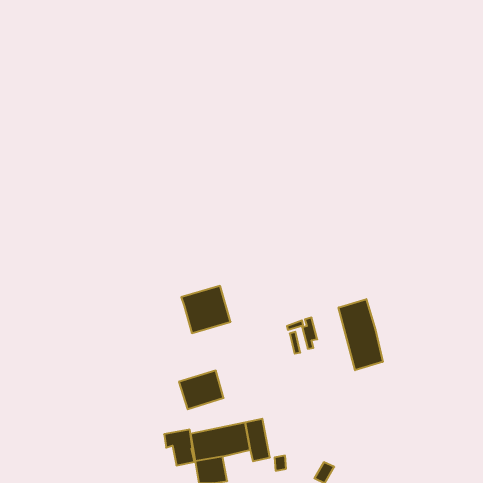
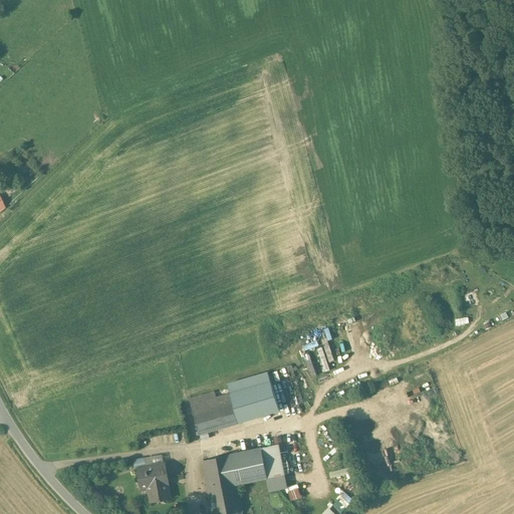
building: [181,286,231,333] -> [226,372,278,423]
building: [339,299,383,370] -> none
building: [164,430,194,465] -> [137,464,169,502]

